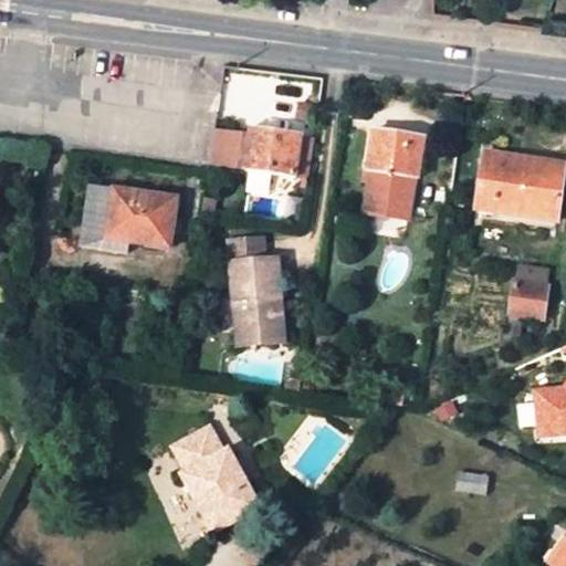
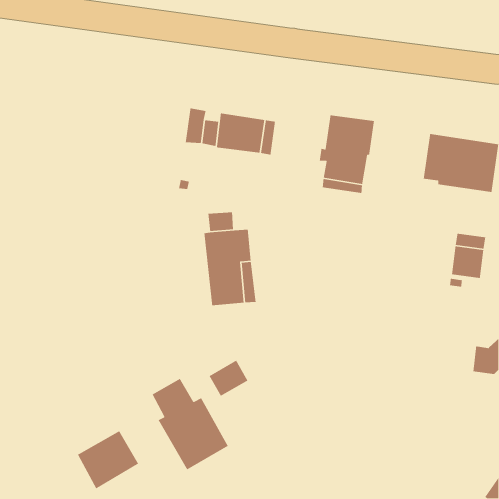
building: [83,186,175,249] -> none
building: none -> [208,360,249,397]
building: none -> [76,430,139,489]

